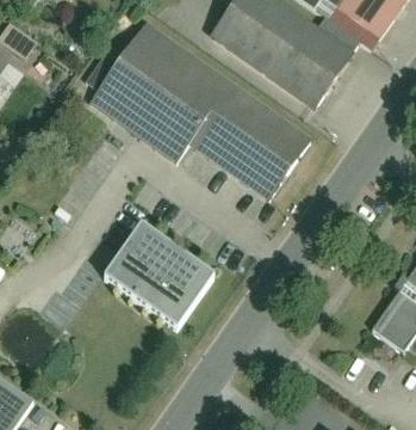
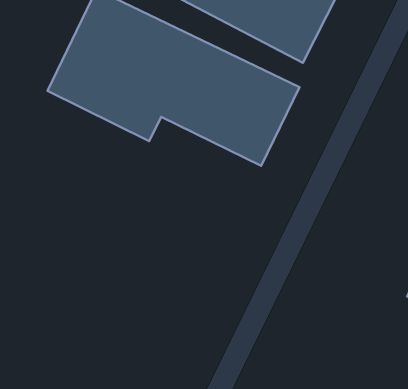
building: [104,227,210,326] -> none

